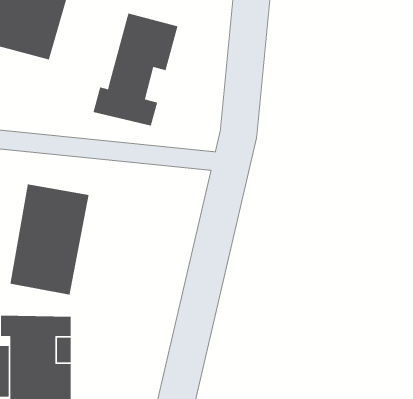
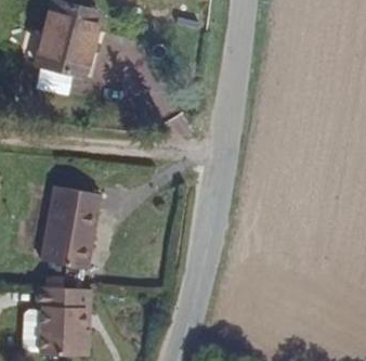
building: [93,12,178,126] -> none

